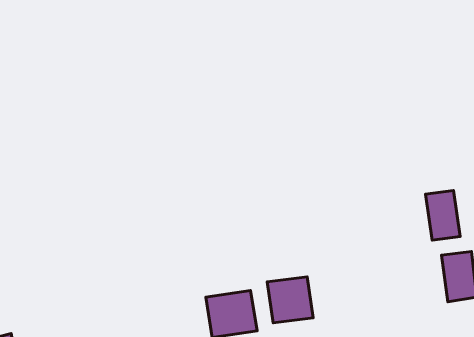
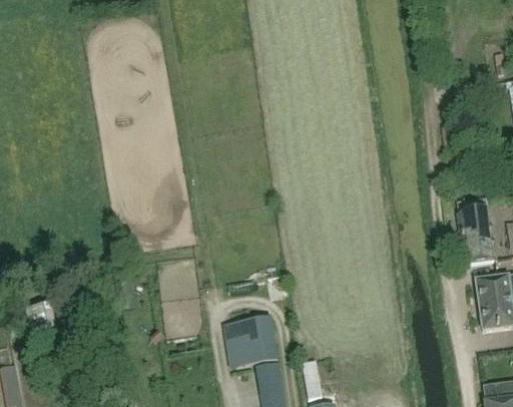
building: [267,277,313,323] -> none

